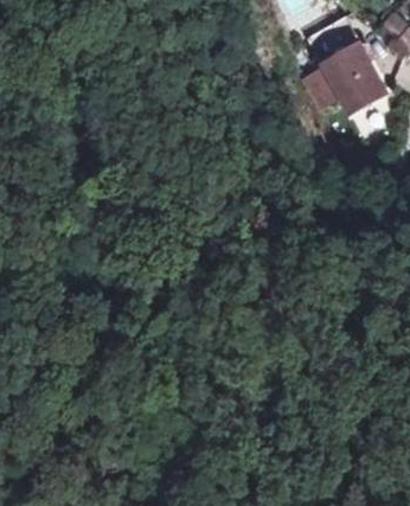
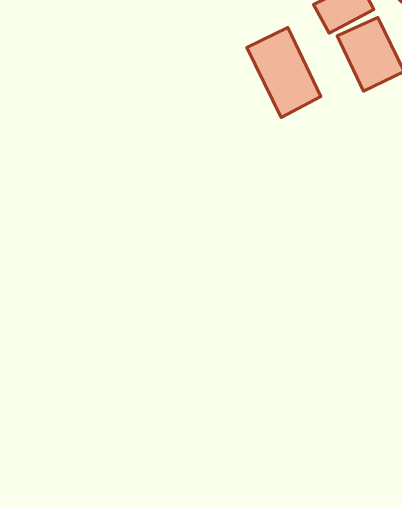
building: none -> [247,28,321,117]

